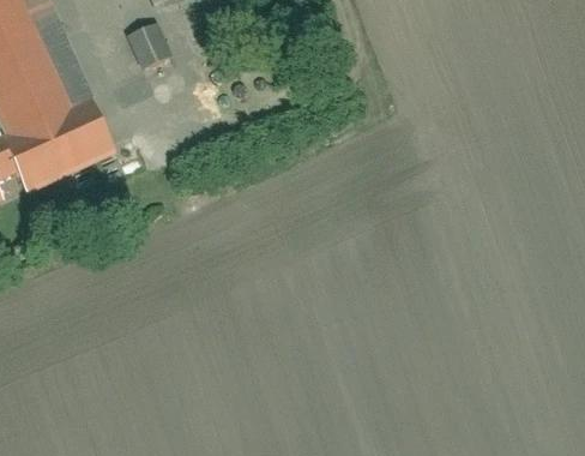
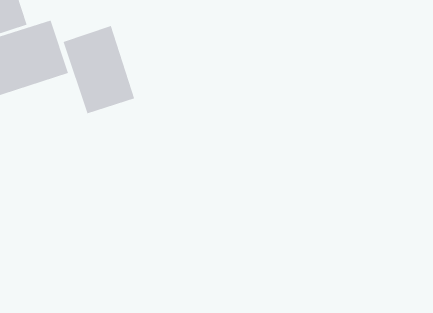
building: none -> [63,25,135,114]

